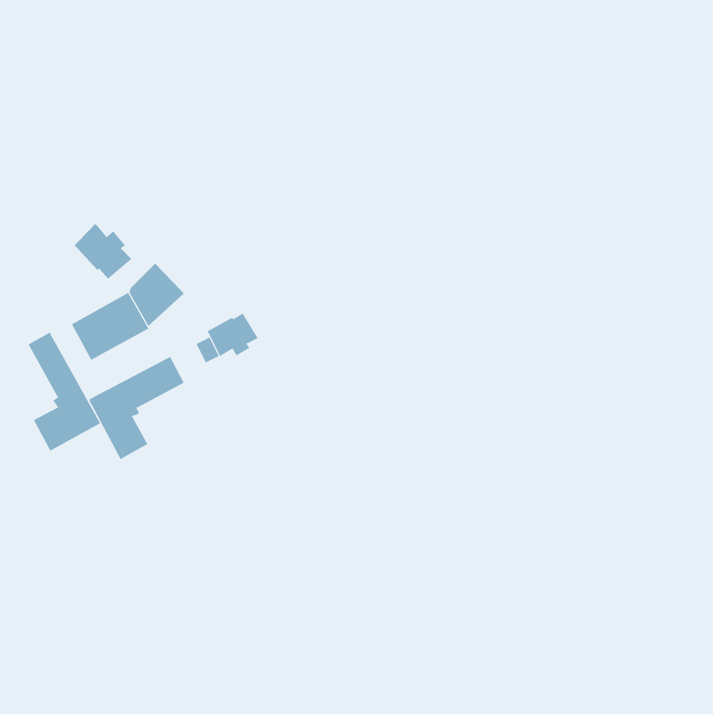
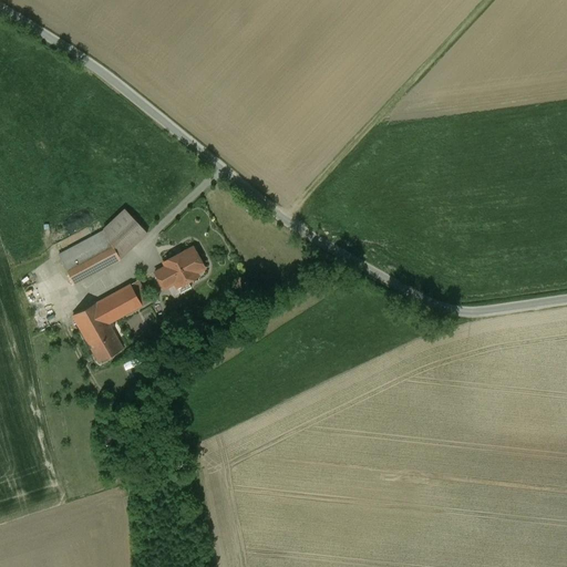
building: [74,224,132,279] -> none
building: [28,332,101,451] -> none

